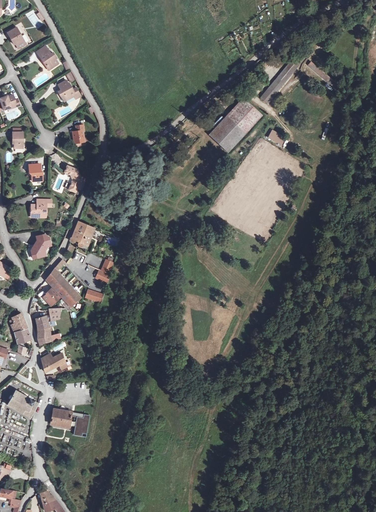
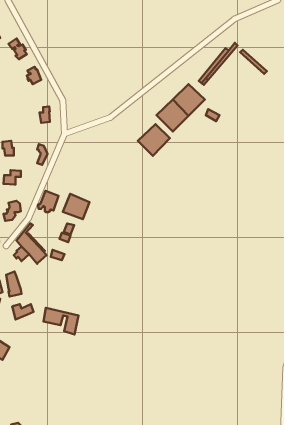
building: none -> [138,124,170,156]
building: none -> [63,194,90,219]
building: [48,407,89,438] -> [43,308,79,335]

